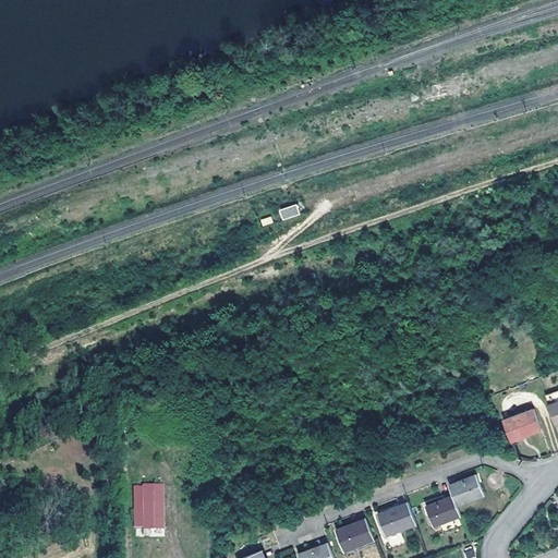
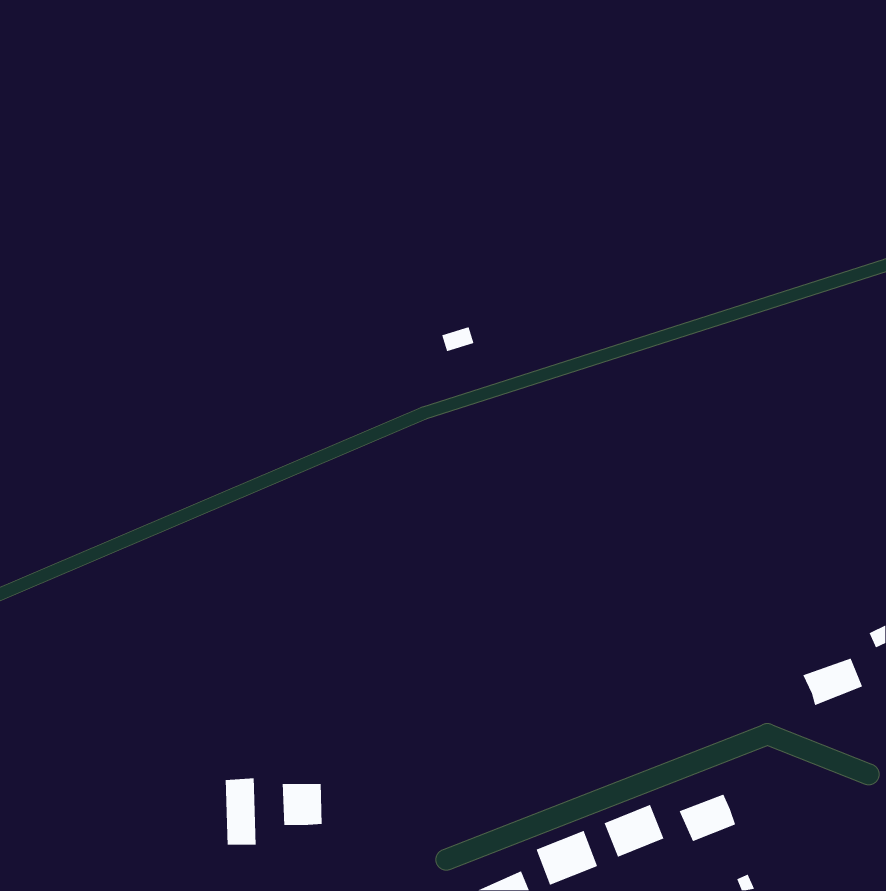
building: [448,474,483,506] -> none
building: none -> [282,783,322,826]

